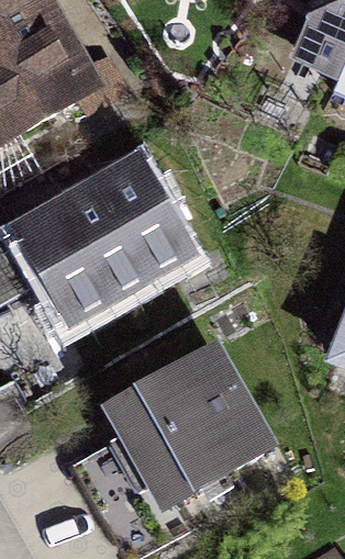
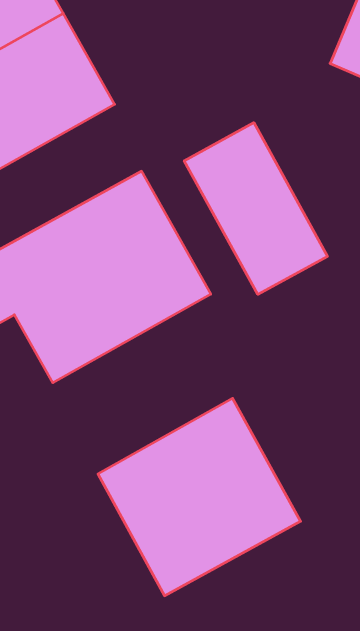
building: none -> [184,123,327,294]

